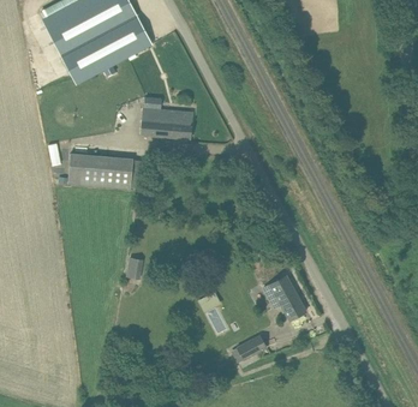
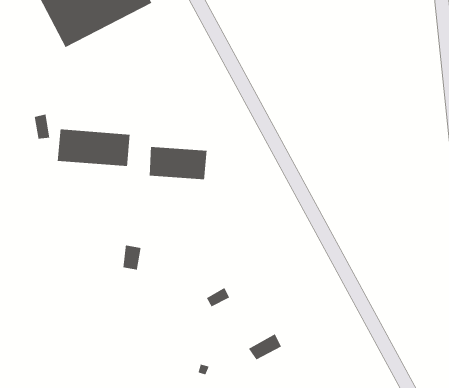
building: [142,107,193,137] -> [149,146,207,180]
building: [263,275,306,319] -> none

